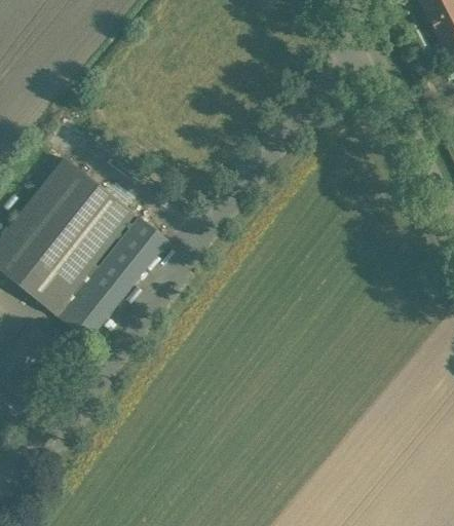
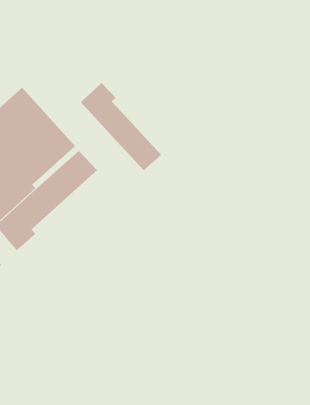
building: none -> [80,82,162,171]

